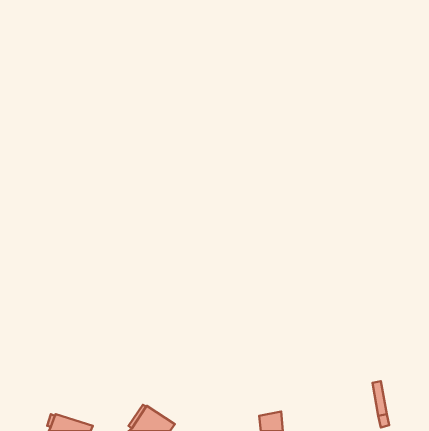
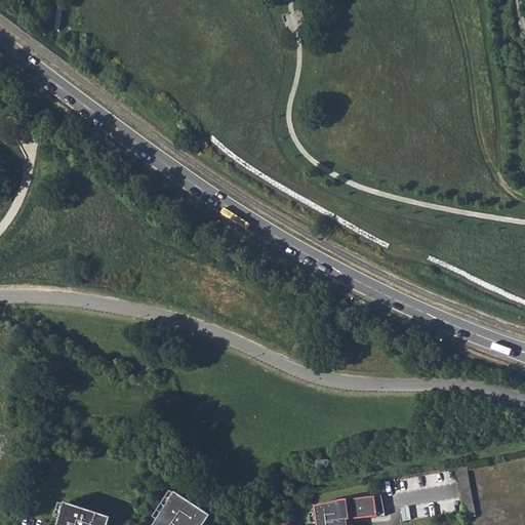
building: none -> [347,495,383,520]

